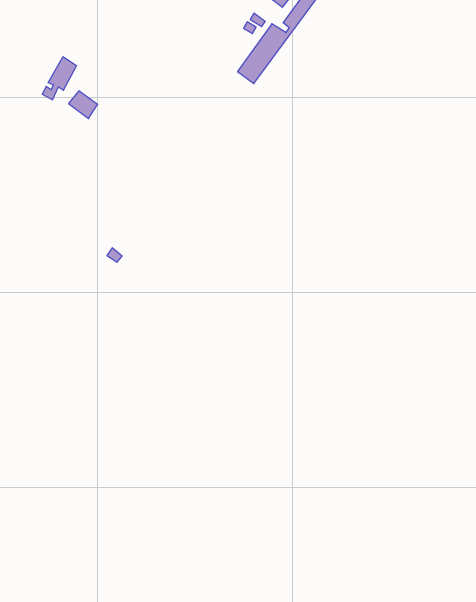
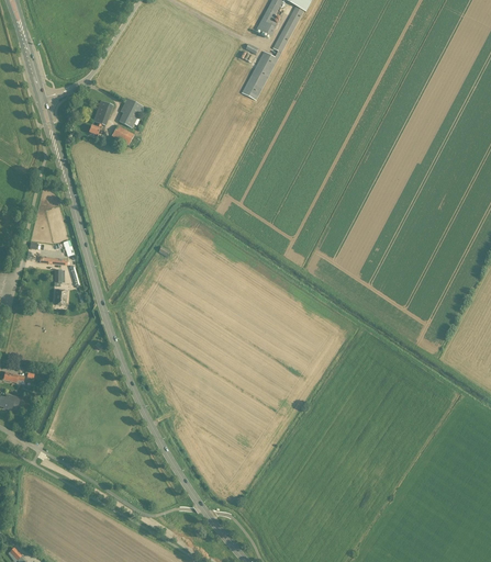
building: none -> [119,98,143,127]

